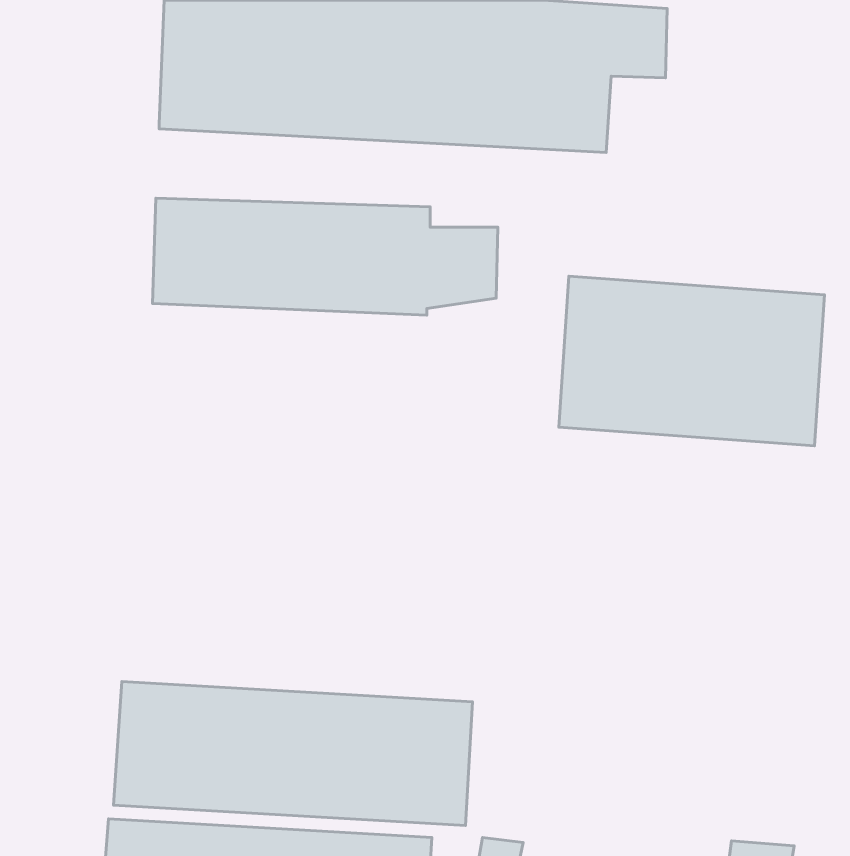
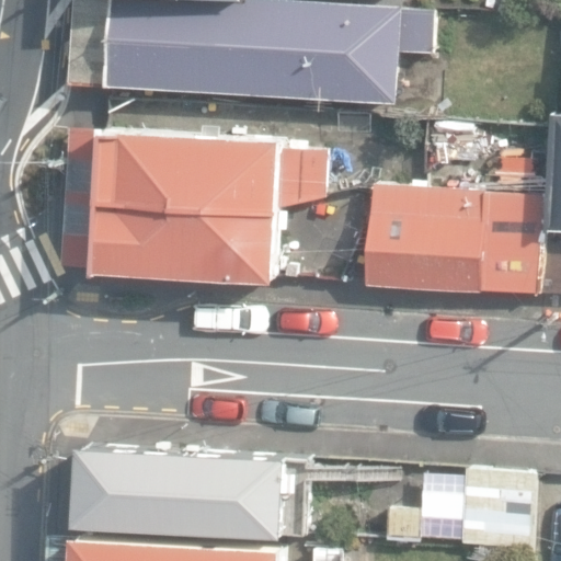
building: none -> [96,203,276,279]
building: none -> [379,459,527,545]

